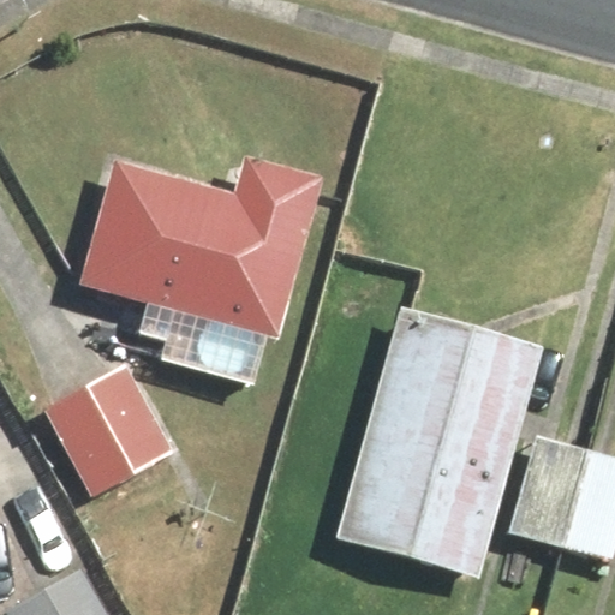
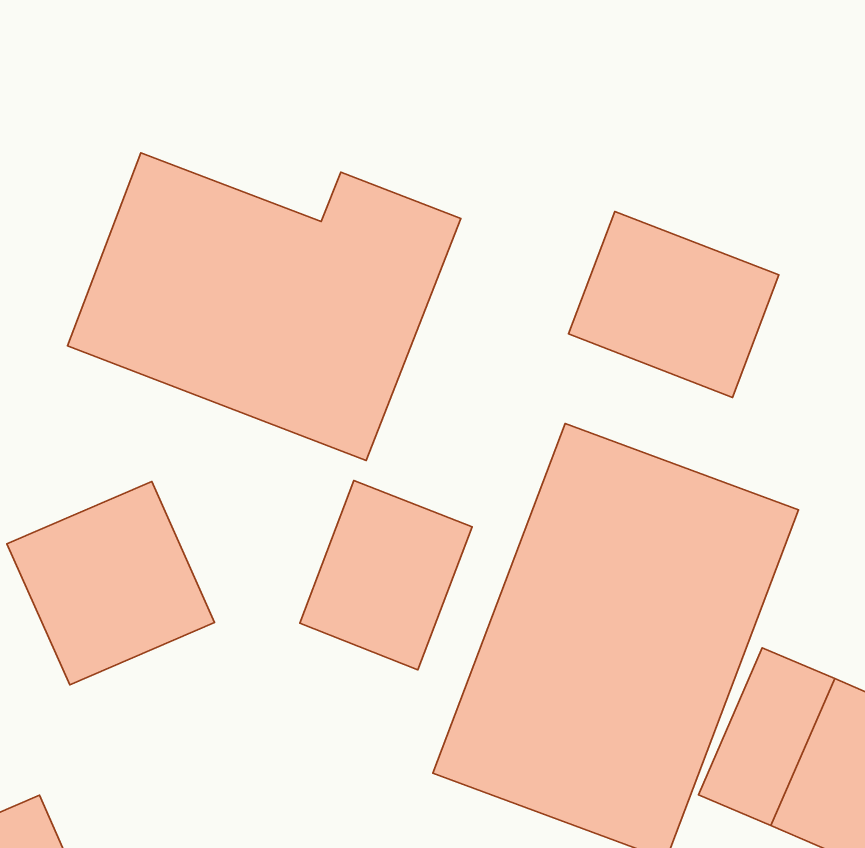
building: none -> [568,211,779,397]
building: none -> [300,480,472,670]

